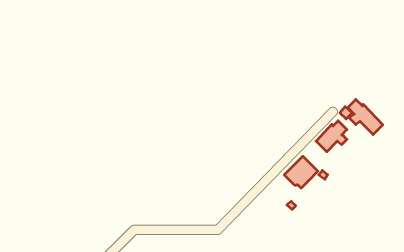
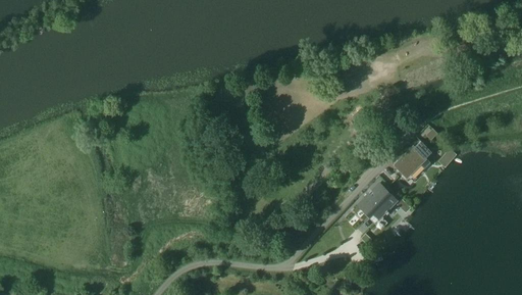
building: [348,99,383,135] -> none

